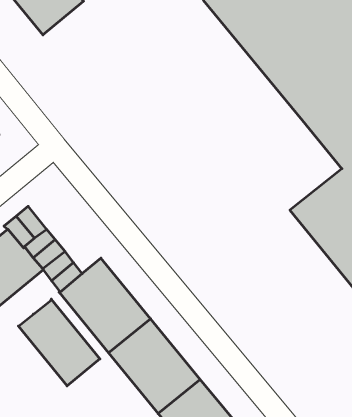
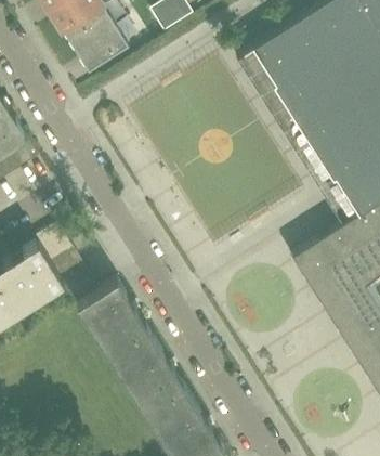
building: [18,299,100,386] -> none

